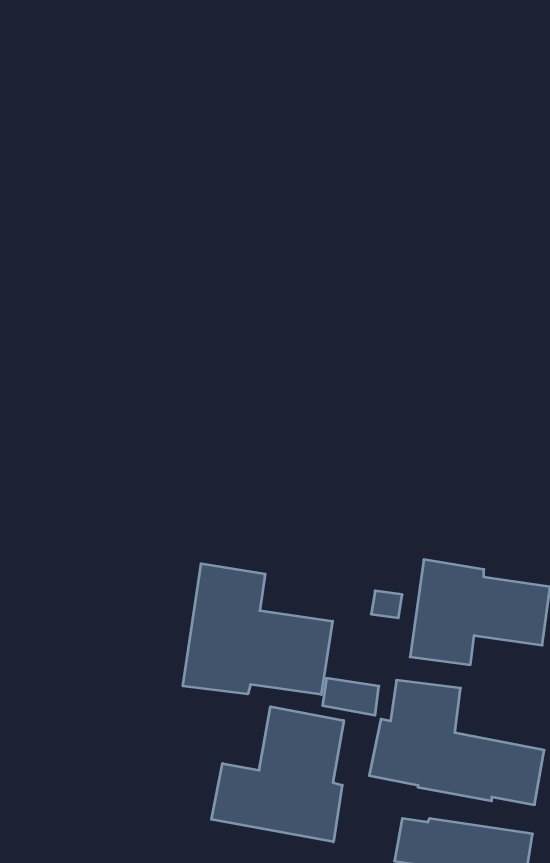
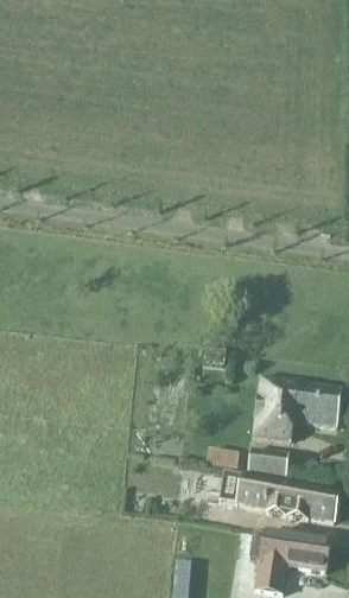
building: [183,564,333,695] -> none
building: [211,707,344,842] -> none

